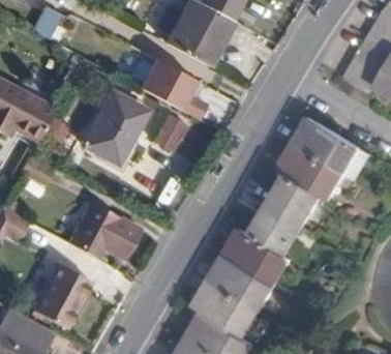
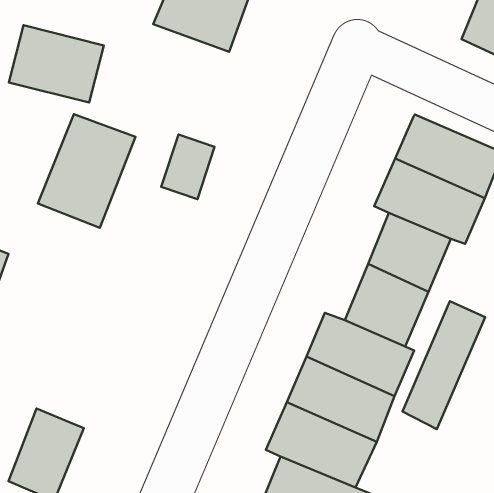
building: [138,53,198,105] -> [9,25,104,102]
building: [67,203,140,261] -> none
building: none -> [403,301,485,429]

